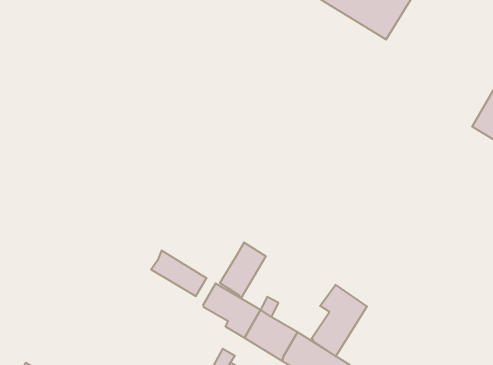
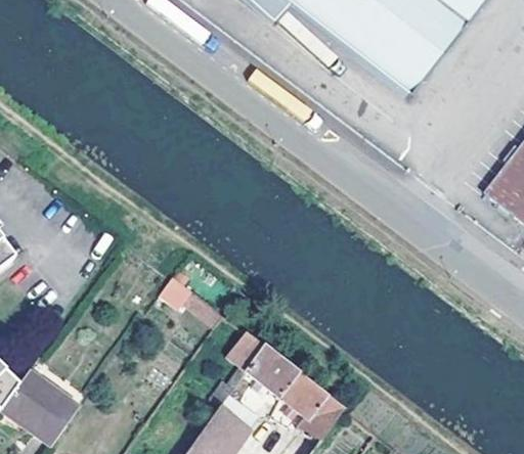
building: [220,242,266,298] -> none
building: [312,285,367,356] -> none

